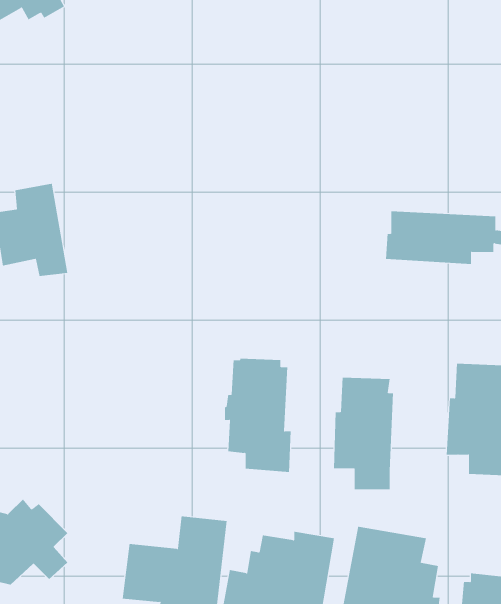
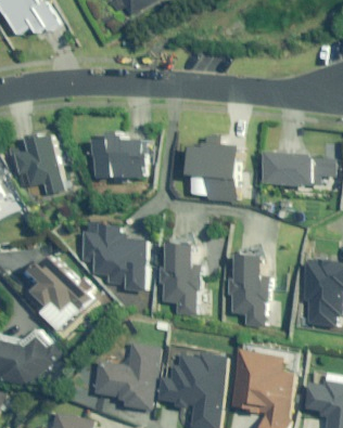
building: none -> [187,135,238,202]
building: none -> [87,140,137,182]
building: none -> [82,220,147,290]
building: none -> [29,255,92,329]

